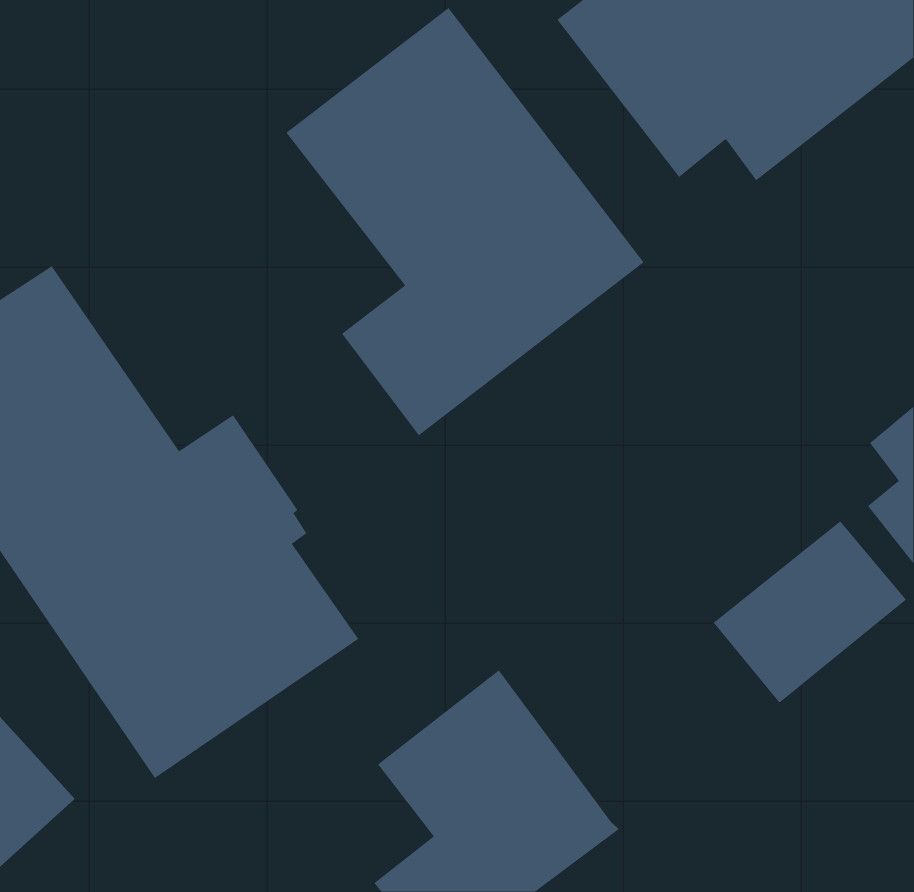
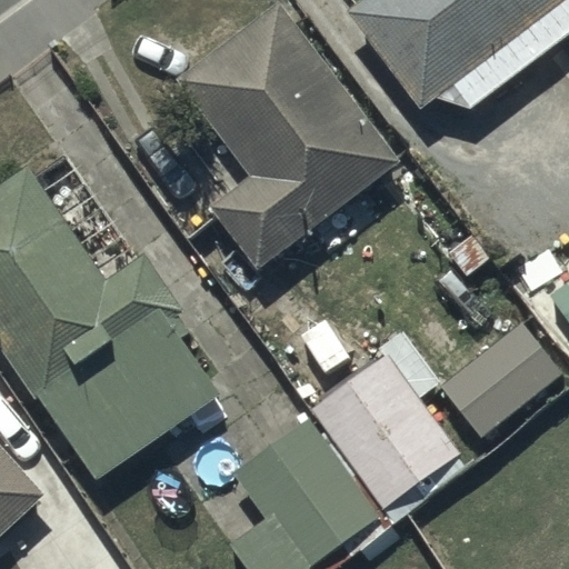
building: none -> [309,357,456,509]

